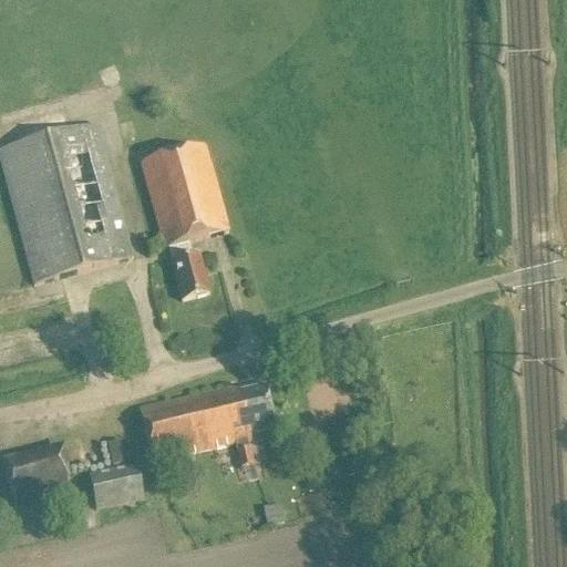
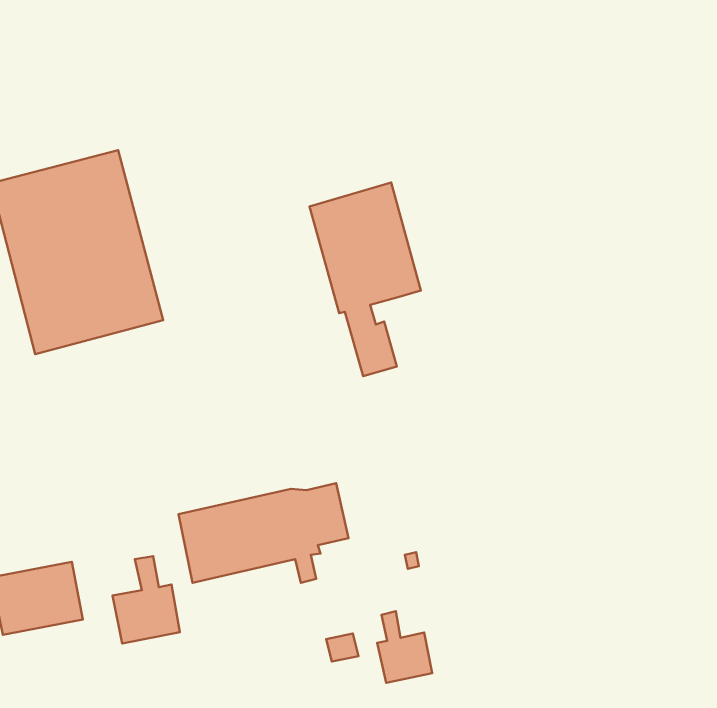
building: [142,144,229,297] -> [310,182,421,376]
building: none -> [377,611,432,683]

